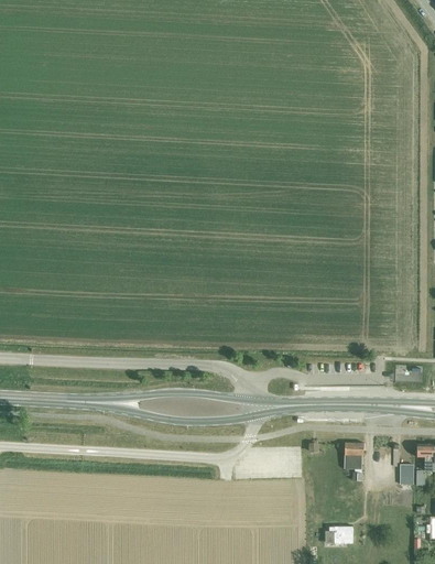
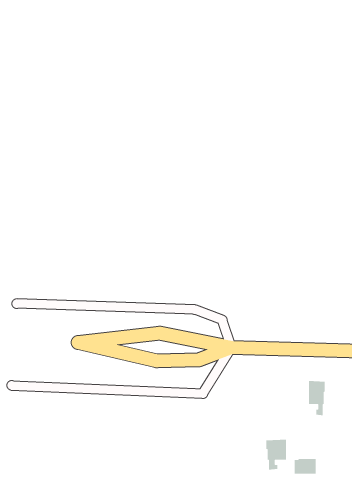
building: none -> [266,439,287,470]

